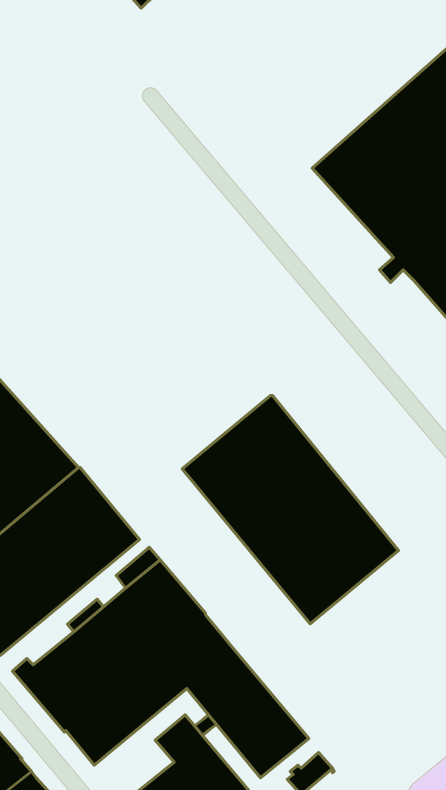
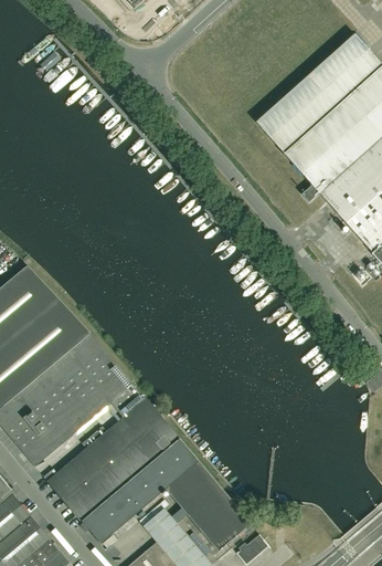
building: [182,395,399,624] -> none

